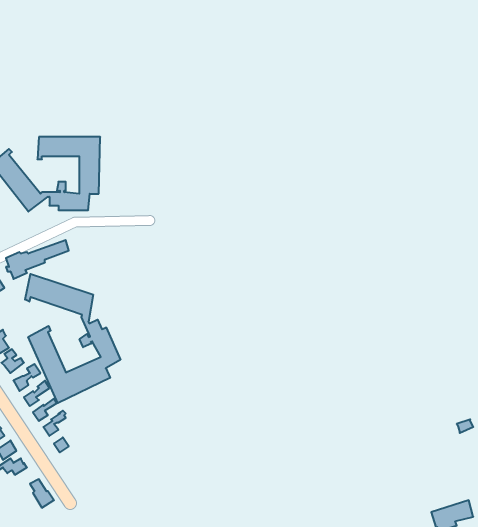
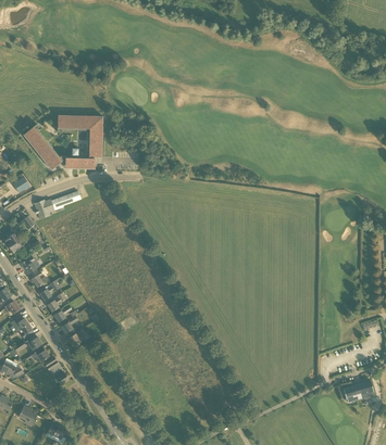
building: [25,274,120,403] -> none

